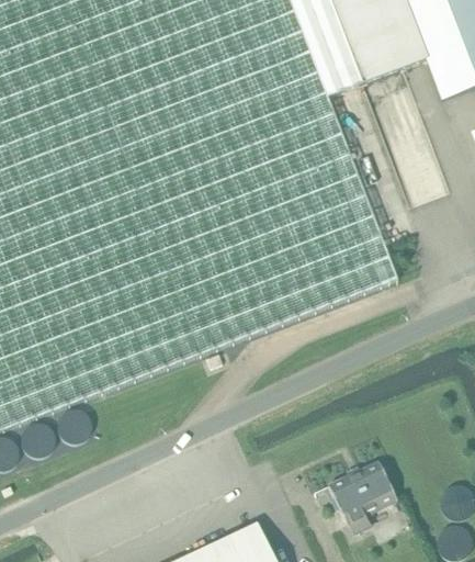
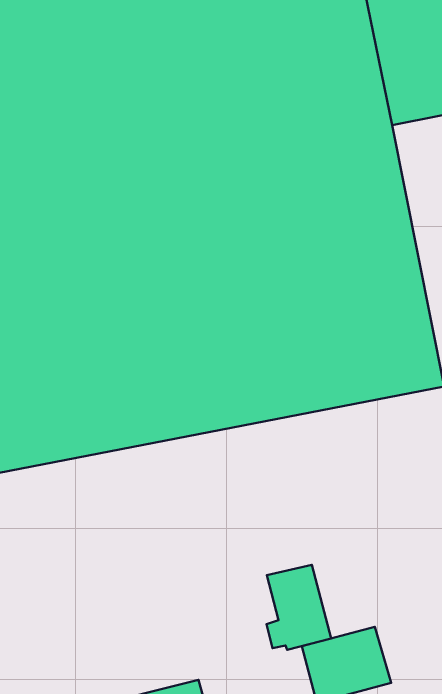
building: none -> [266,565,331,650]

